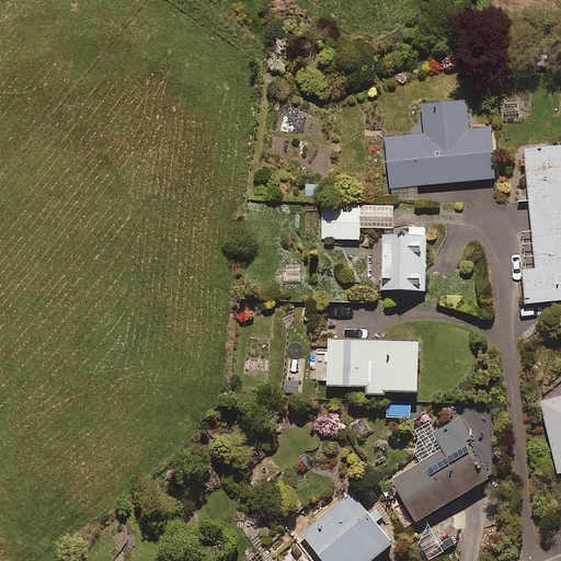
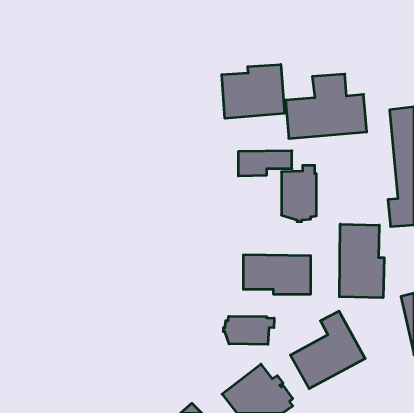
building: none -> [222,64,284,118]
building: none -> [339,224,384,298]
building: none -> [223,316,274,344]

